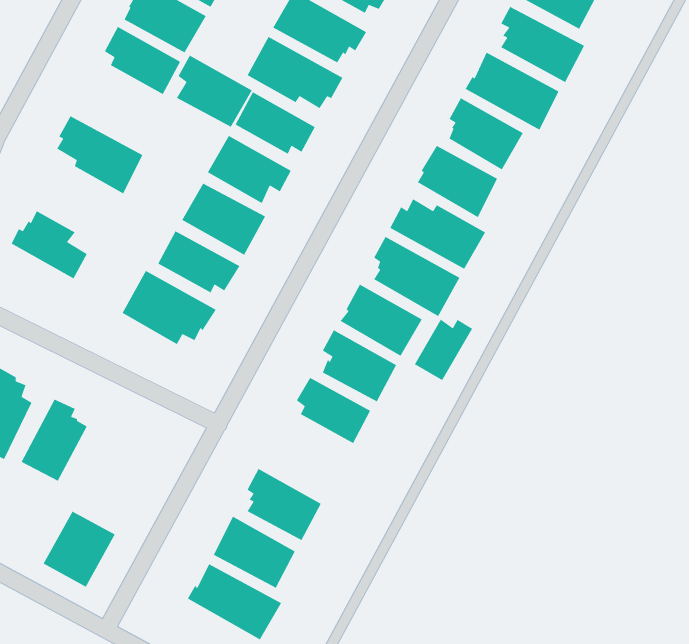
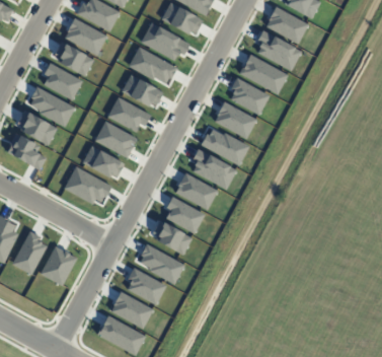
building: [176,54,253,128] -> [43,62,82,99]
building: none -> [16,110,57,145]
building: [414,318,473,381] -> none
building: none -> [139,243,183,284]
building: [43,510,116,588] -> [39,245,76,285]

